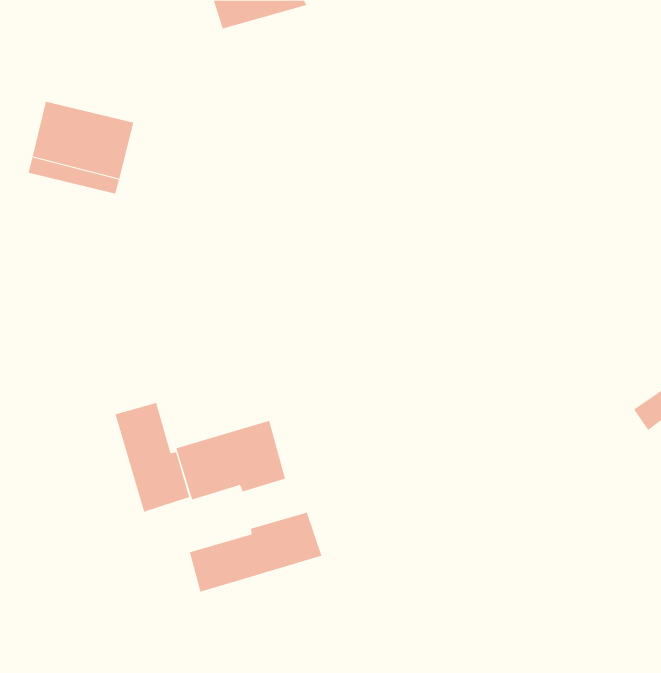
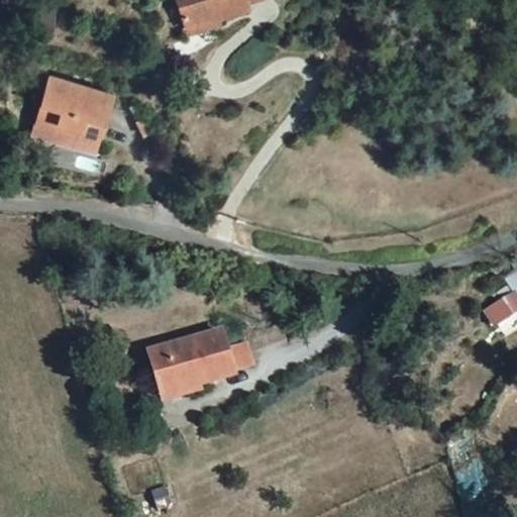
building: [115,402,190,513] -> none
building: [189,512,322,592] -> none

